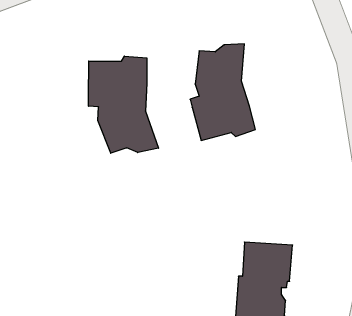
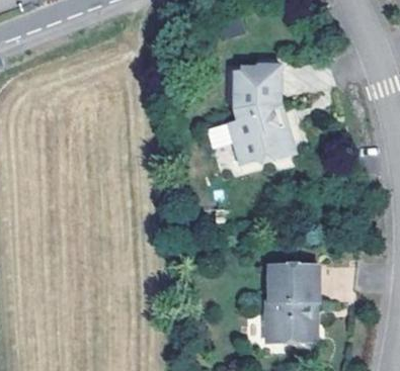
building: [88,56,158,153] -> none

